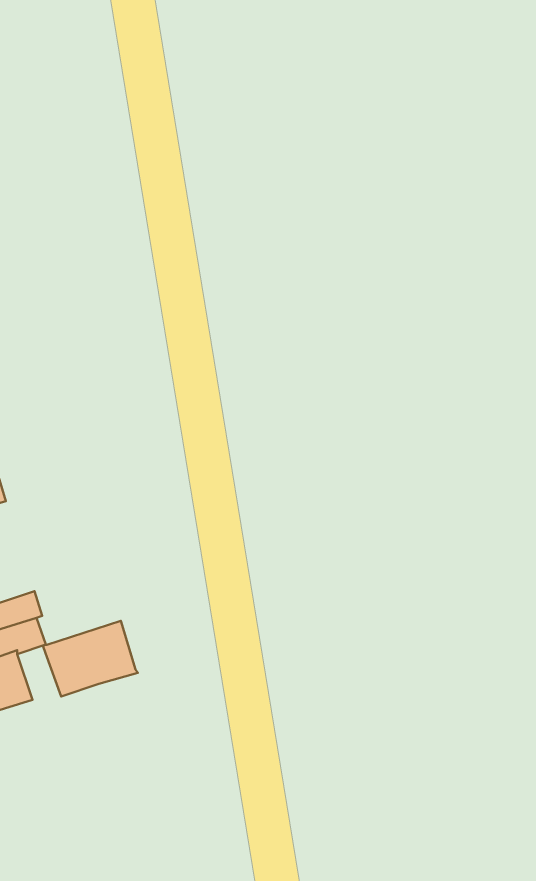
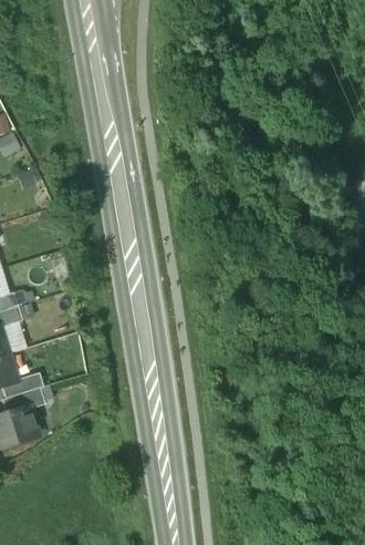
building: [43,621,138,696] -> none

